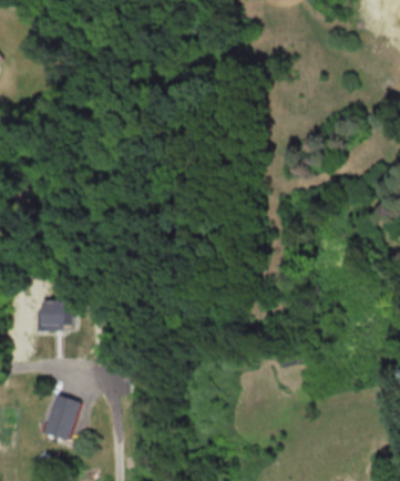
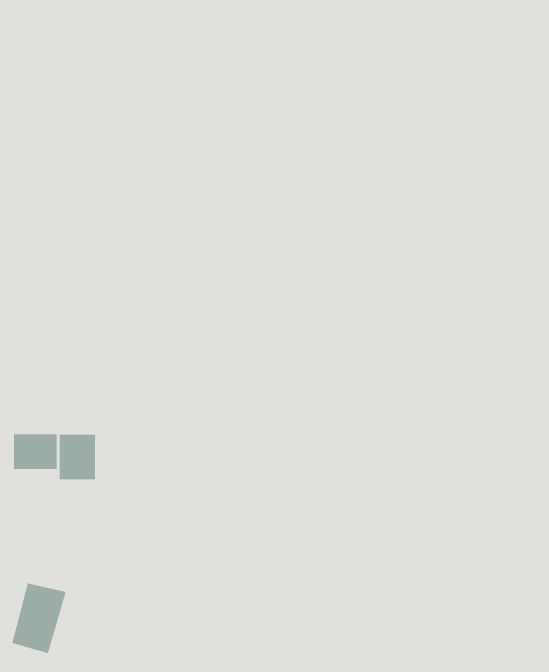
building: none -> [59,434,96,480]

